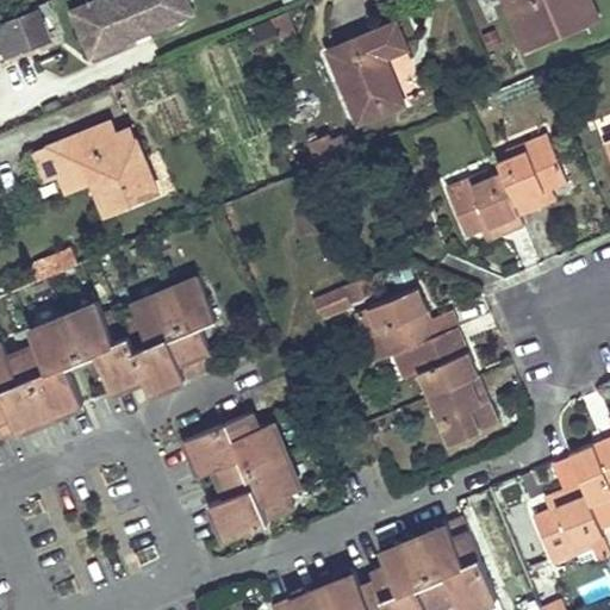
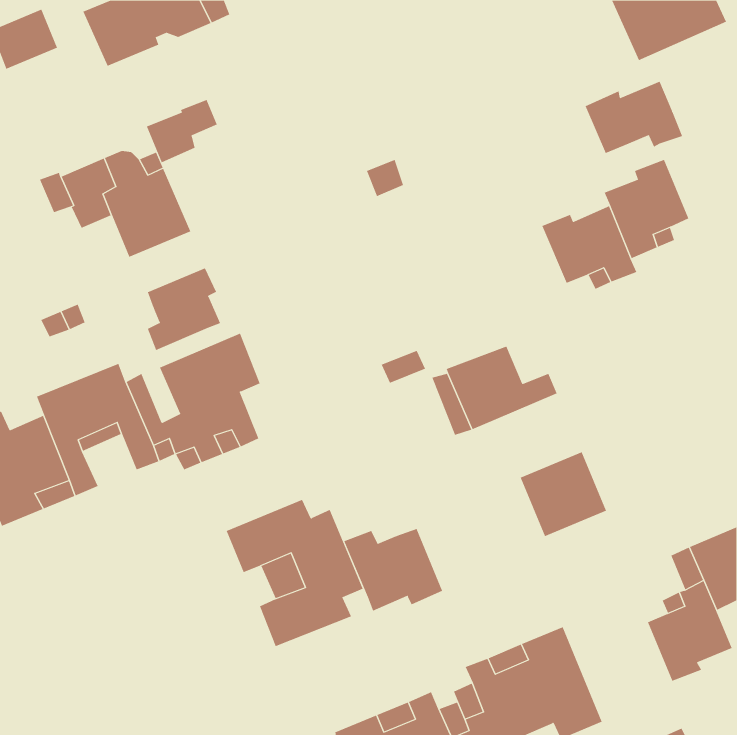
building: [328,25,404,124] -> none
building: none -> [585,81,683,154]
building: none -> [146,99,218,163]
building: none -> [147,267,221,351]
building: [409,328,479,397] -> none
building: none -> [343,528,443,612]

